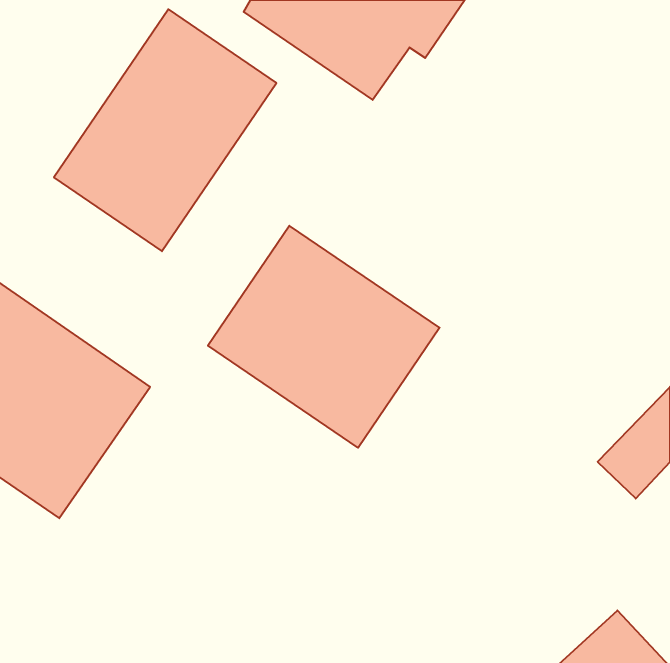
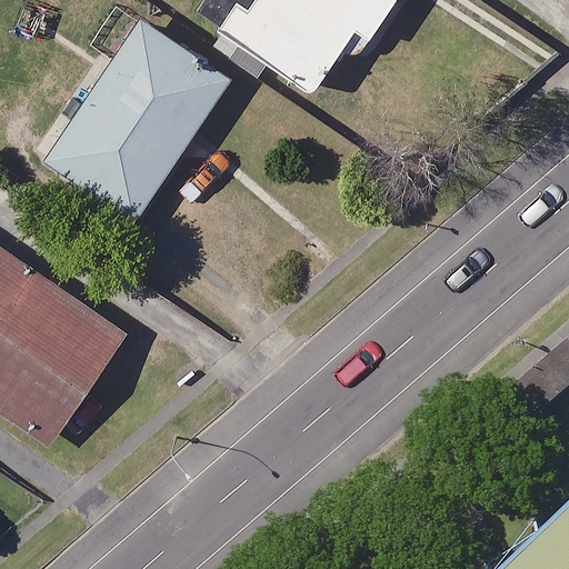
building: [208,226,440,448] -> none

